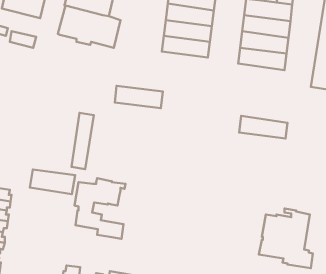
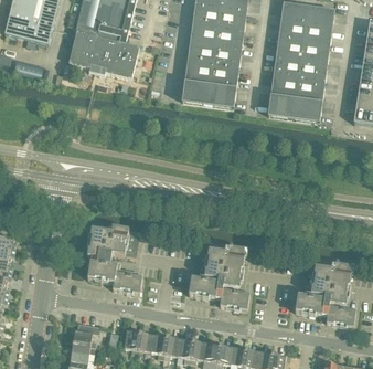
building: [115,86,163,108] -> [182,82,236,107]
building: [72,113,94,169] -> none
building: [239,116,287,138] -> [268,95,322,120]
building: [30,169,75,194] -> none
building: none -> [188,242,248,309]

